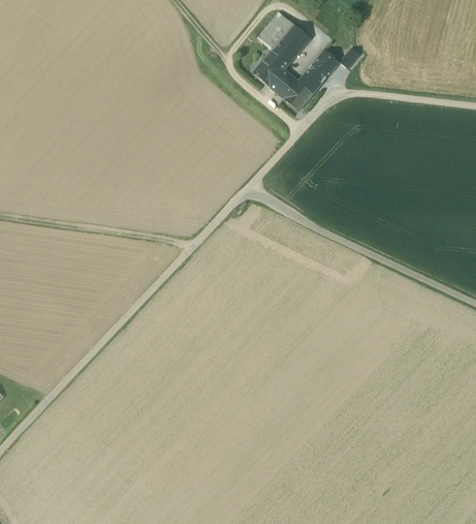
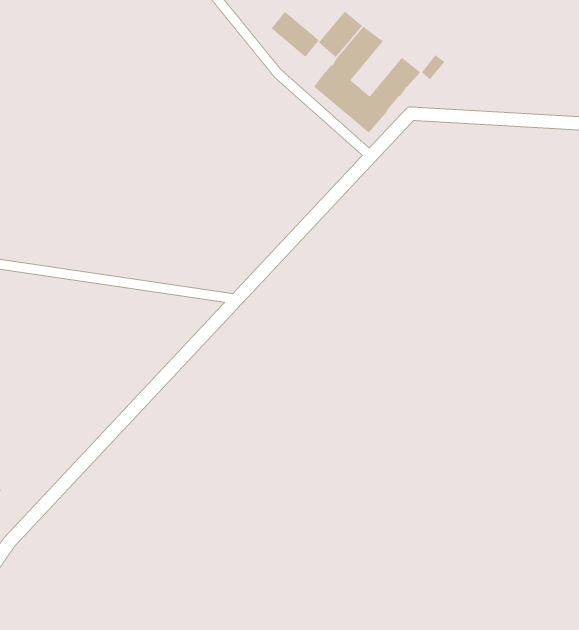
building: none -> [270,11,320,58]

